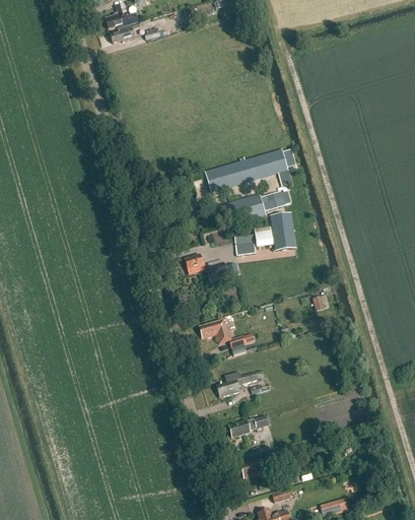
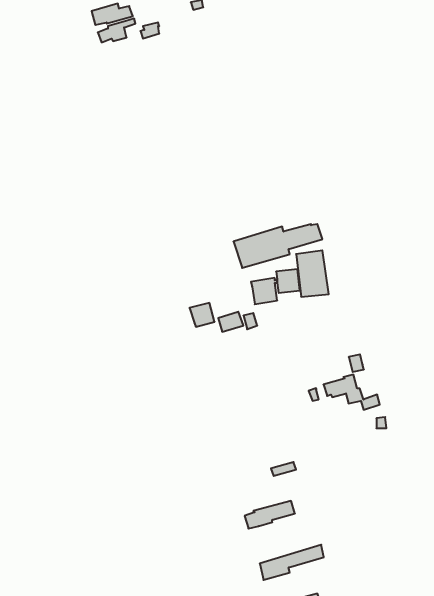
building: [205,148,296,192] -> none
building: [200,319,246,347] -> [323,375,380,410]
building: [217,371,259,395] -> none

